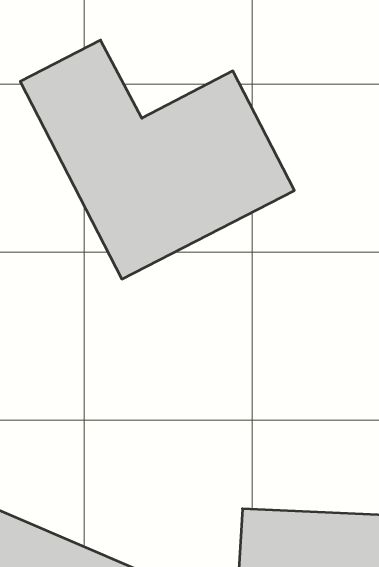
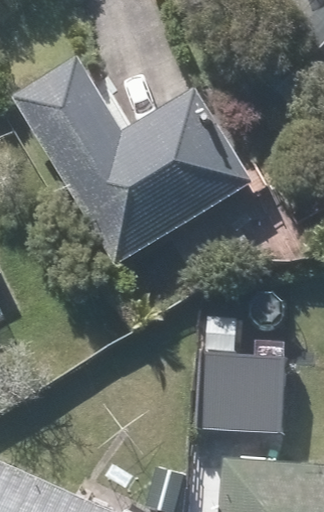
building: none -> [200,355,283,431]

